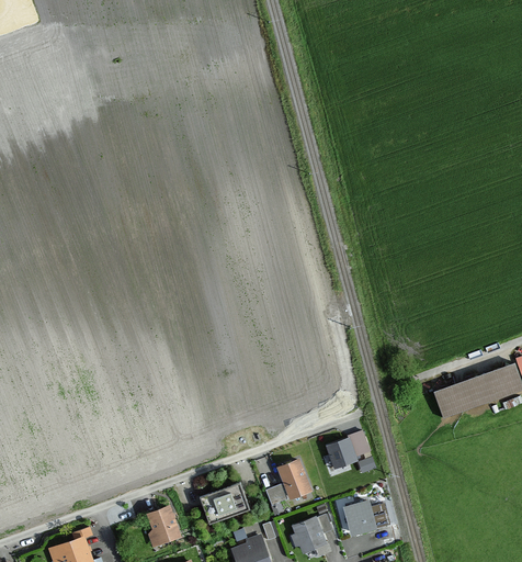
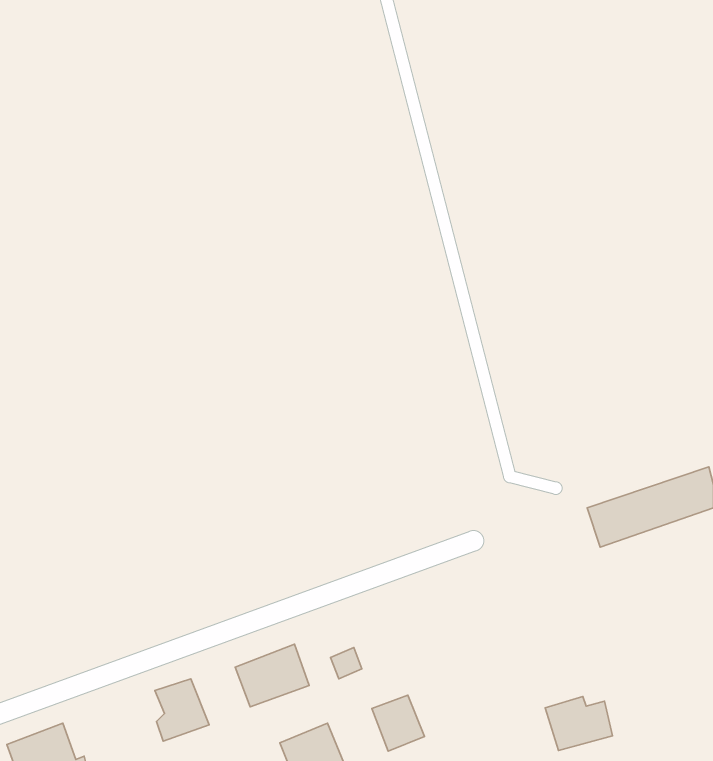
building: [325,430,367,469] -> none
building: [275,459,310,499] -> none
building: [343,498,388,535] -> [545,696,613,751]

